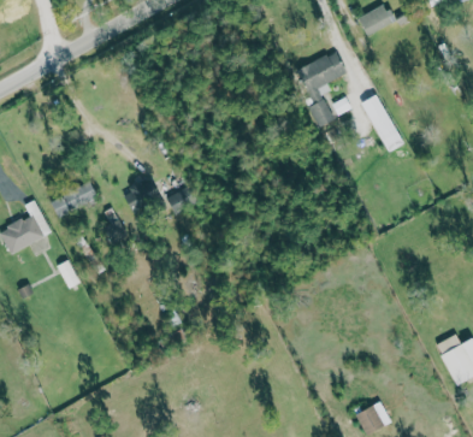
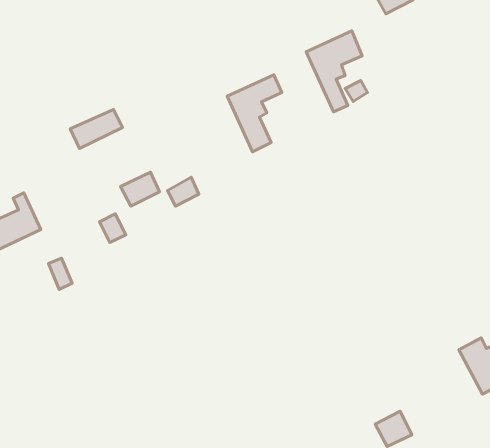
building: none -> [227,75,282,152]
building: [360,94,403,152] -> none
building: [49,182,97,218] -> [70,109,123,149]

